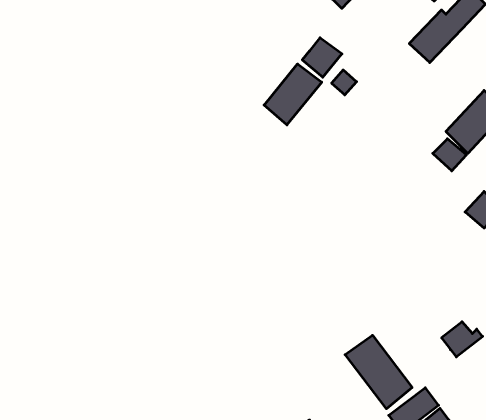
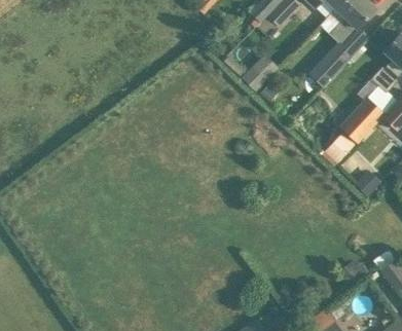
building: [264,64,322,125] -> none
building: [345,335,412,409] -> none

